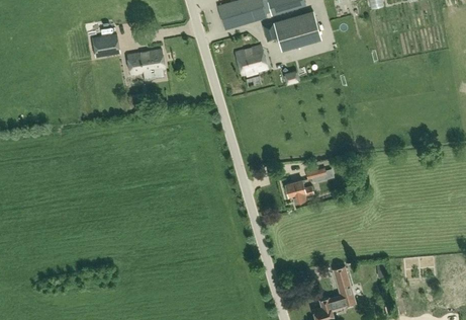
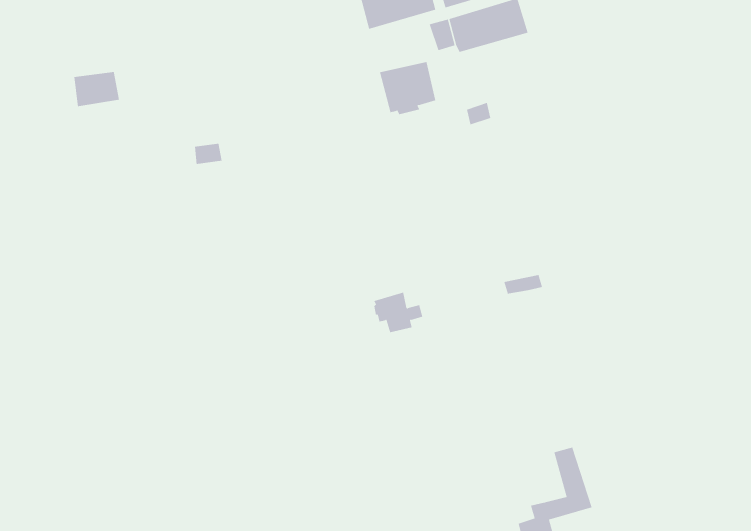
building: [93,36,119,57] -> [74,71,120,107]
building: [127,51,165,80] -> none
building: [284,180,312,204] -> [373,292,423,333]

